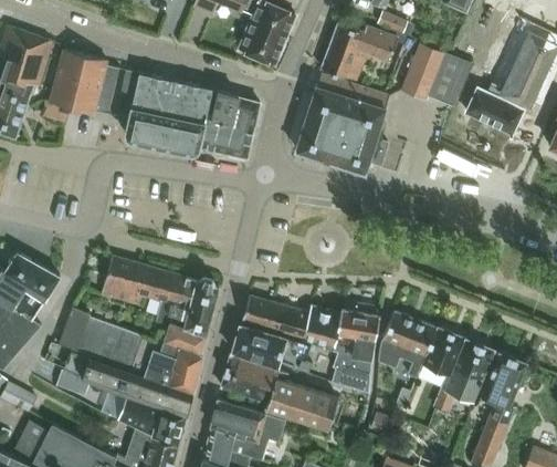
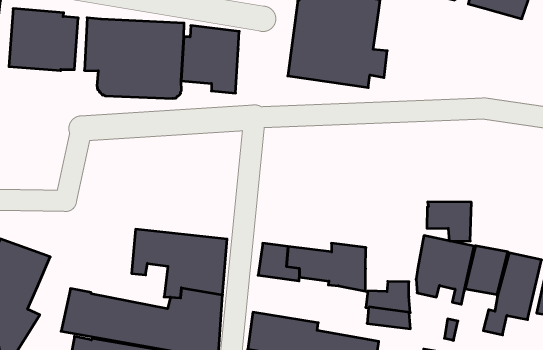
building: [101,256,138,303] -> none
building: [336,310,379,351] -> [427,202,471,241]
building: [232,323,311,371] -> none

